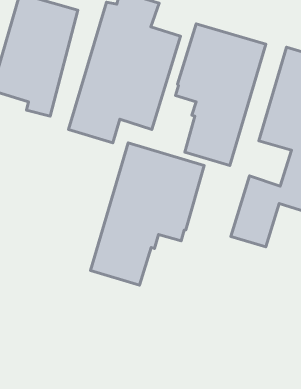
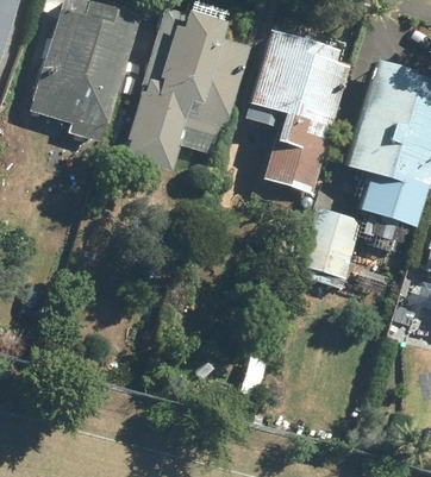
building: [90,143,204,285] -> none

